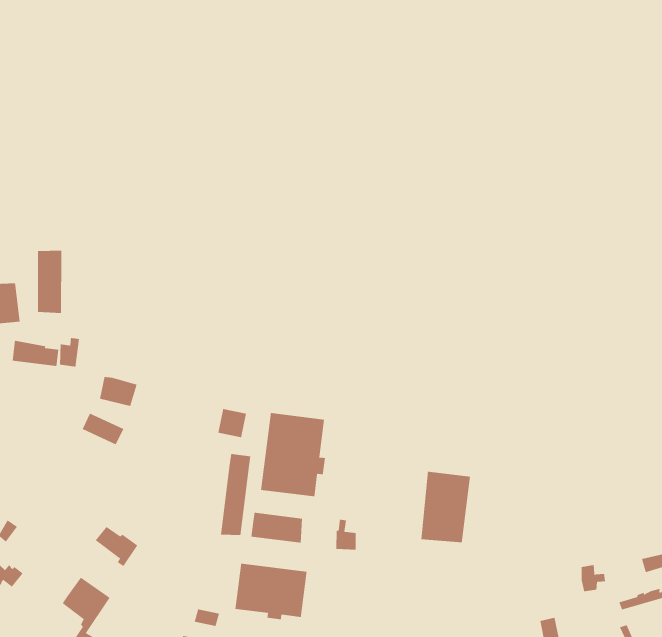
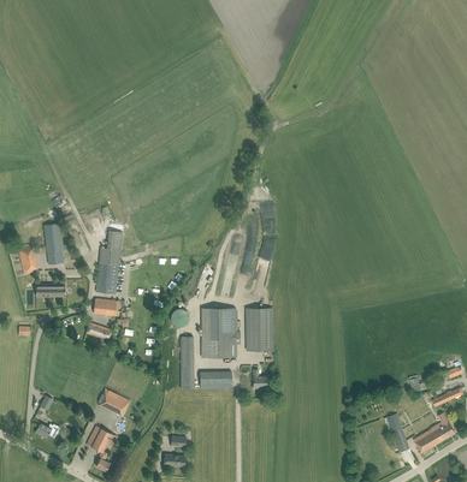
building: none -> [95,231,122,293]
building: [421,471,471,543] -> [246,308,273,351]
building: [235,563,307,620] -> none

